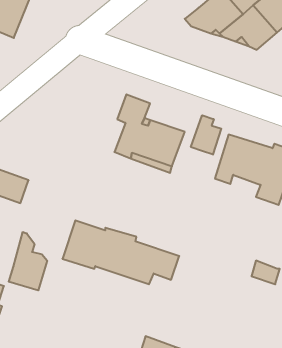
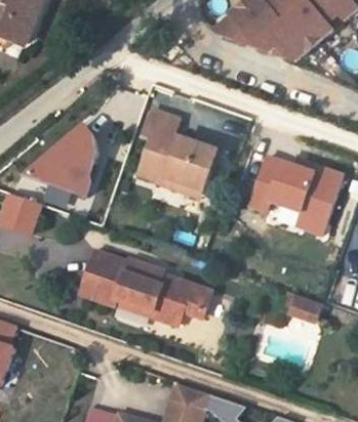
building: none -> [25,128,97,199]
building: [191,115,221,155] -> none
building: [9,232,47,290] -> none

